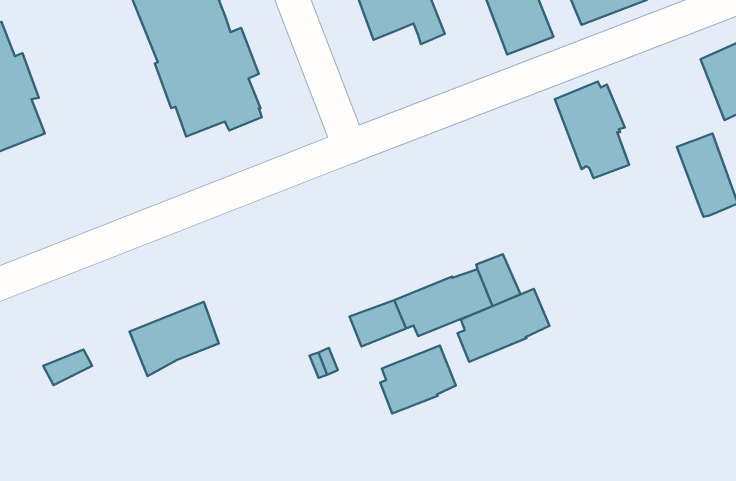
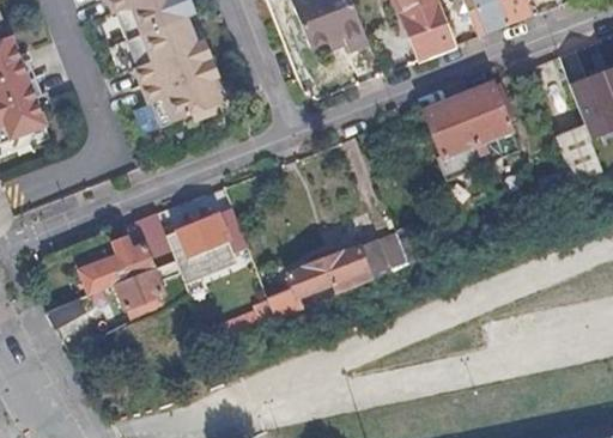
building: none -> [424,96,484,178]
building: none -> [178,208,244,263]
building: none -> [86,212,175,290]
building: [458,289,550,362] -> none
building: [380,345,456,413] -> none

